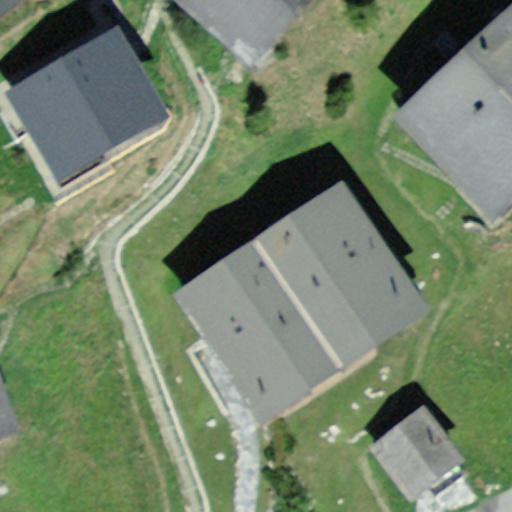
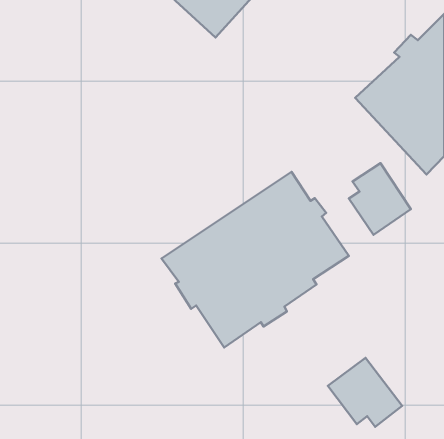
building: [18,41,148,160] -> none
building: none -> [349,163,411,235]

